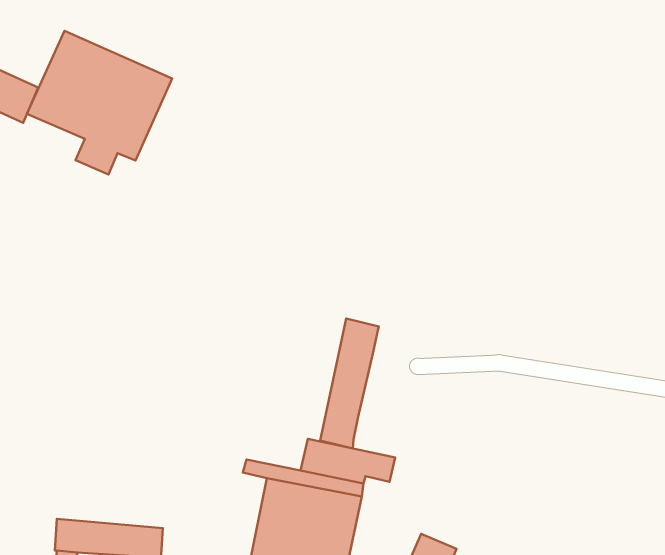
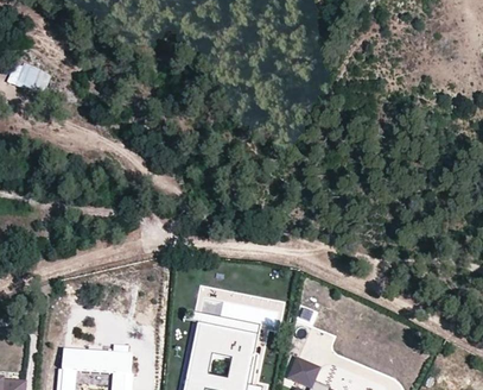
building: [27,31,172,175] -> none
building: [320,319,379,449] -> none

